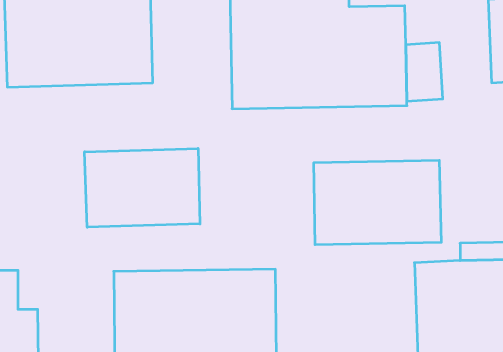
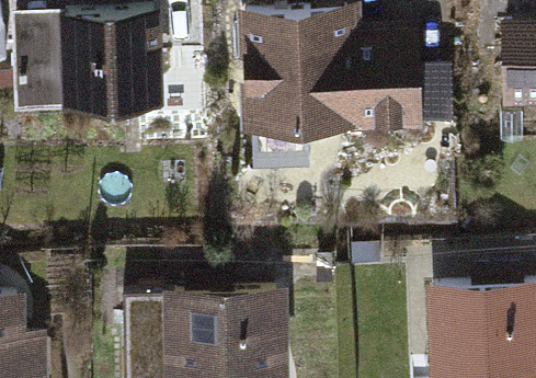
building: [85,148,200,227] -> none
building: [314,160,441,245] -> none

